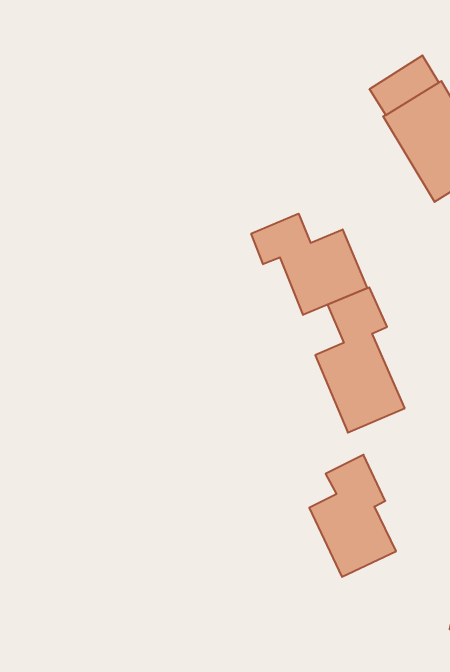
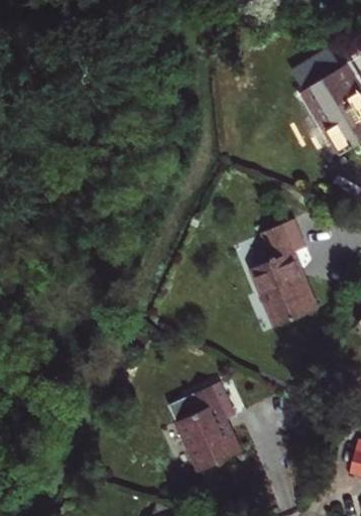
building: [251,214,367,315] -> none
building: [309,455,396,577] -> [177,382,242,473]

